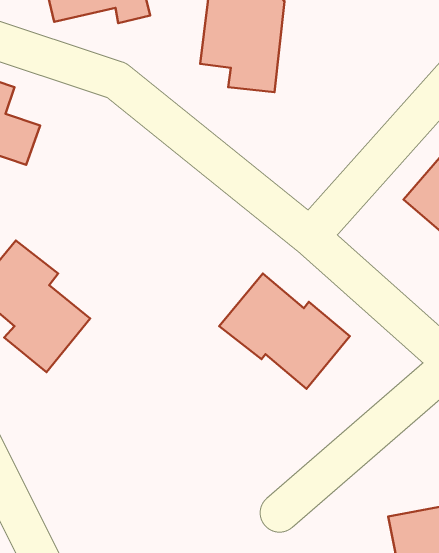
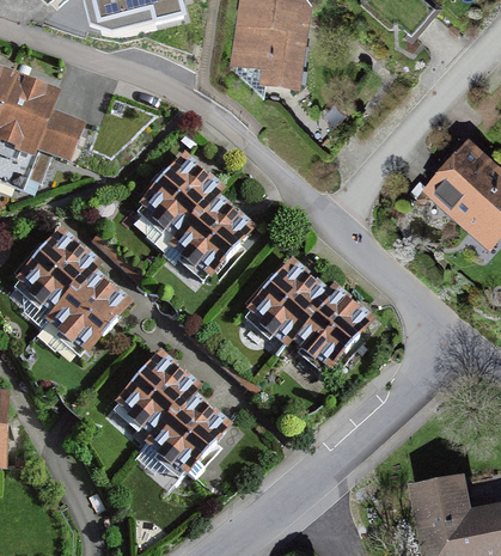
building: none -> [142,152,250,274]
building: none -> [124,366,222,477]

